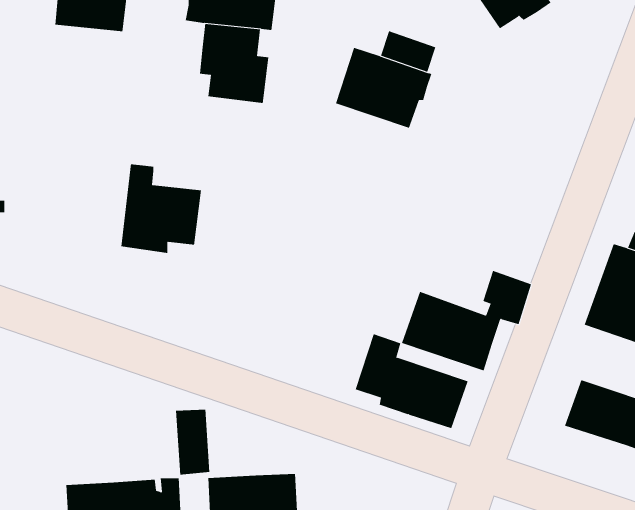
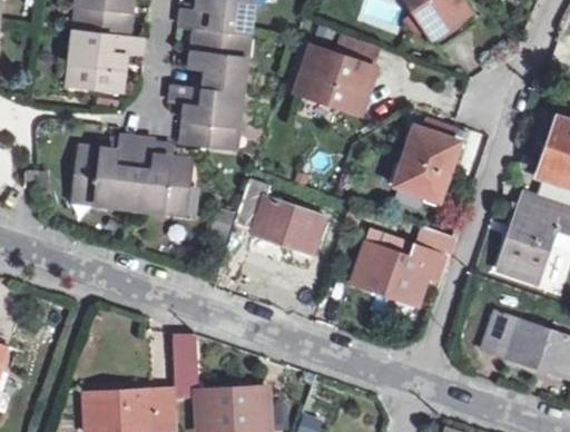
building: none -> [71,30,145,95]
building: none -> [170,85,242,149]
building: none -> [394,126,460,200]
building: none -> [72,138,136,206]
building: [355,333,469,429] -> [235,178,325,254]

